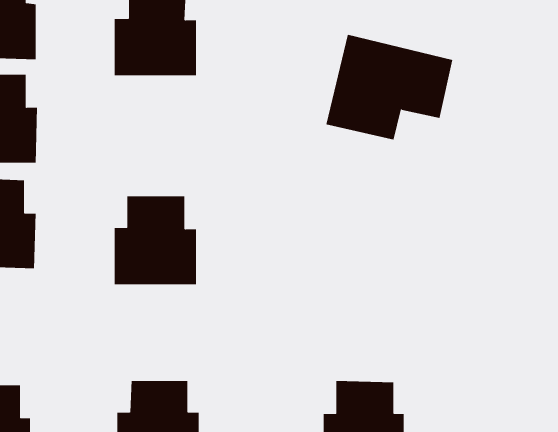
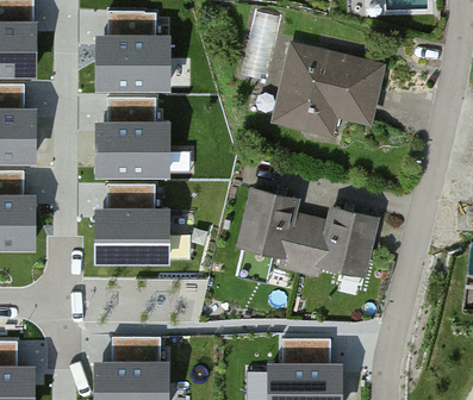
building: none -> [97,98,166,171]
building: none -> [239,198,374,276]

